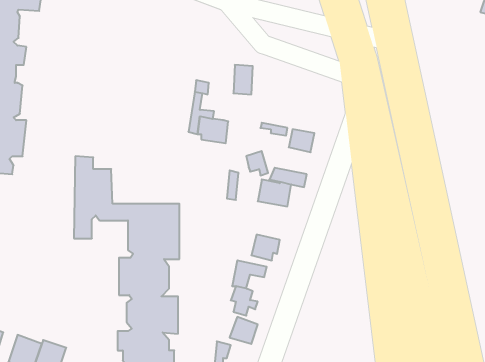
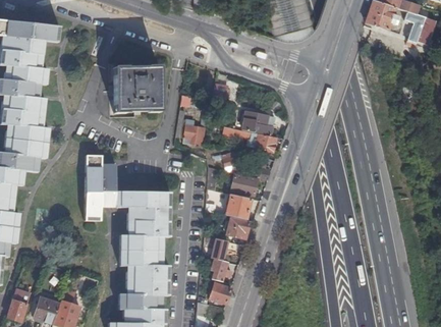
building: none -> [114,65,161,112]
building: none -> [243,110,276,134]
building: none -> [225,194,251,219]

